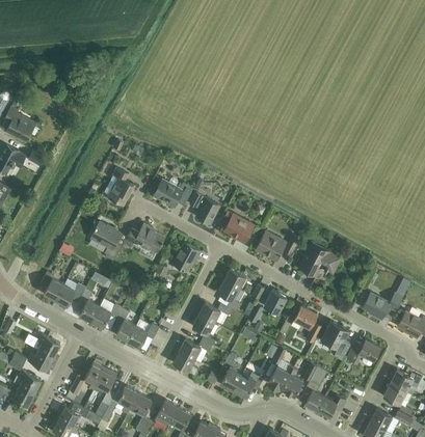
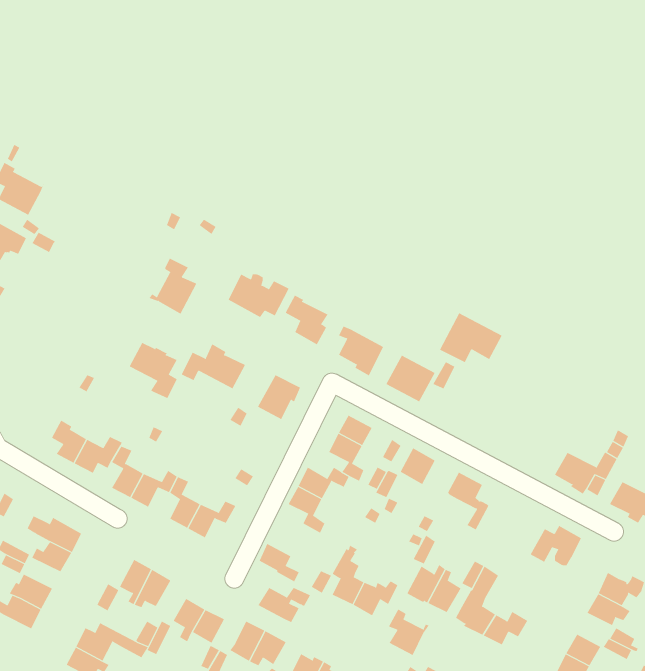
building: [300,243,341,275] -> [439,313,503,363]
building: [322,322,351,357] -> none
building: [179,339,213,362] -> [257,587,311,623]
building: none -> [388,609,430,656]

